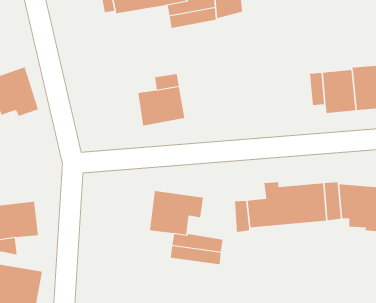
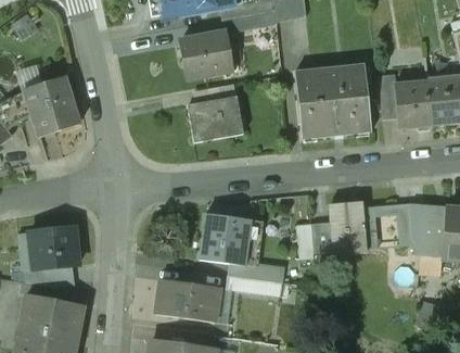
building: none -> [181,30,231,77]
building: none -> [294,63,371,137]
building: none -> [156,278,219,322]

